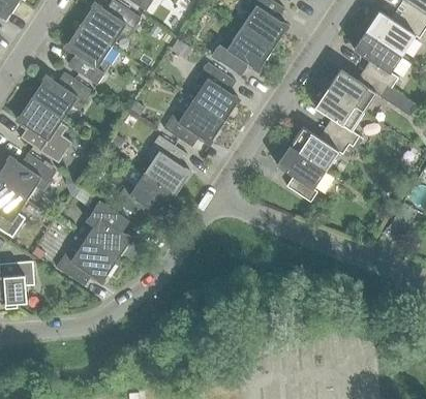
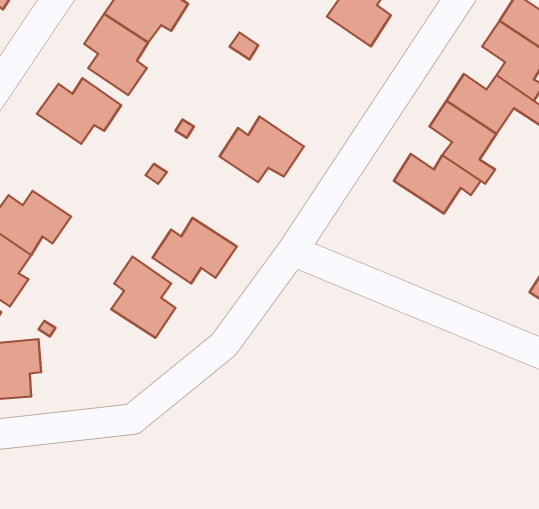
building: [212,27,273,73] -> none
building: [192,62,239,121] -> none
building: [17,97,69,161] -> none
building: [144,134,190,193] -> none
building: [277,146,326,202] -> none
building: [56,239,117,285] -> none

